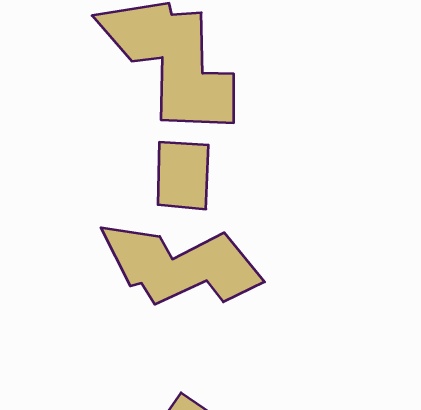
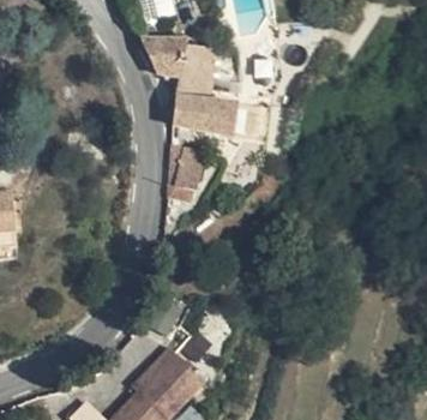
building: [101,228,265,304] -> none

